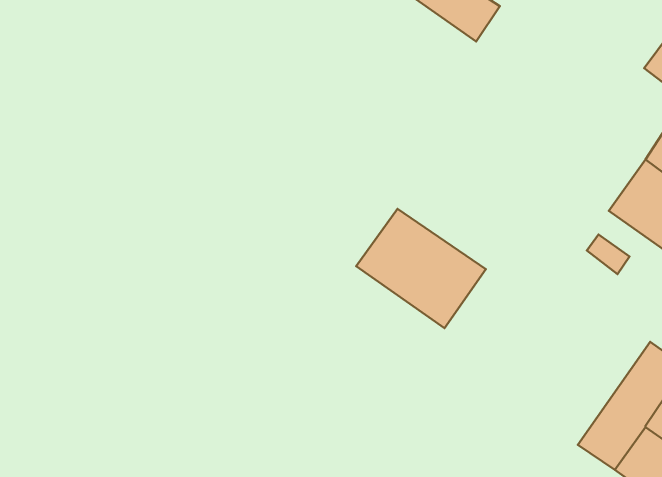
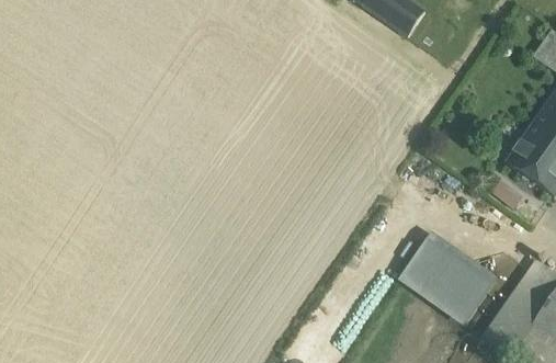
building: [356,209,486,328] -> [401,234,498,322]

